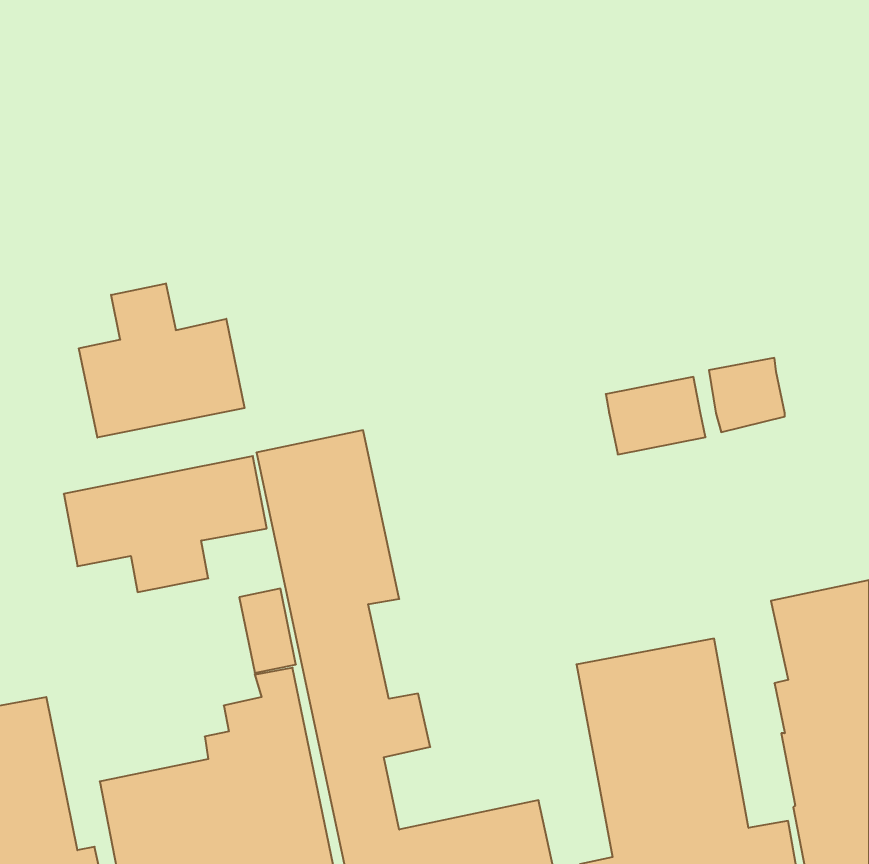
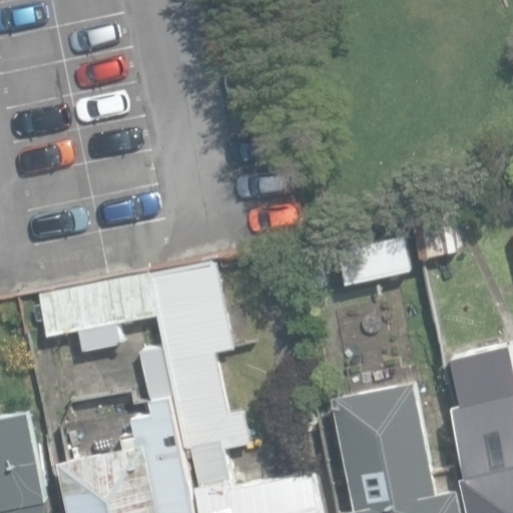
building: [79,283,245,438] -> none

